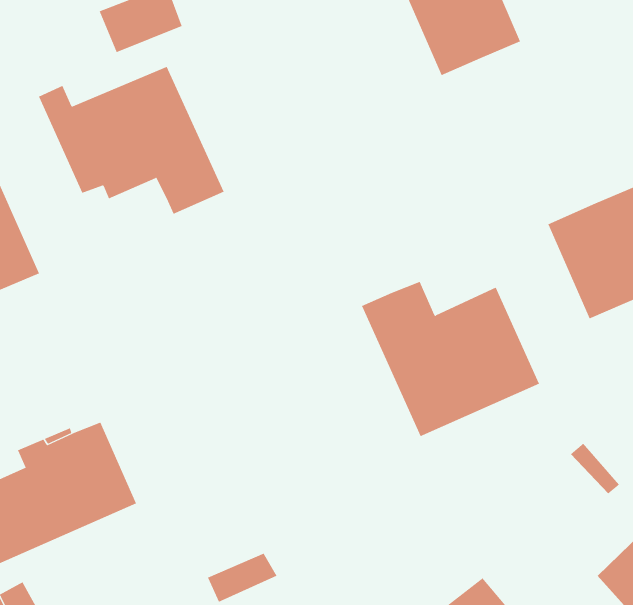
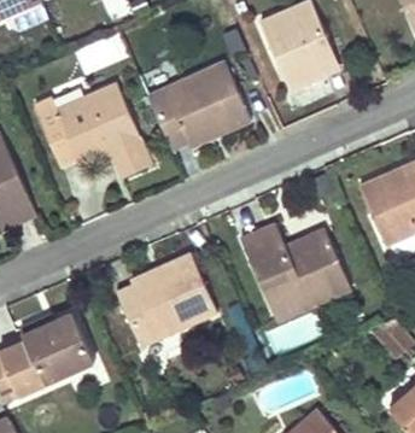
building: none -> [147,60,252,148]
building: none -> [117,253,218,347]

